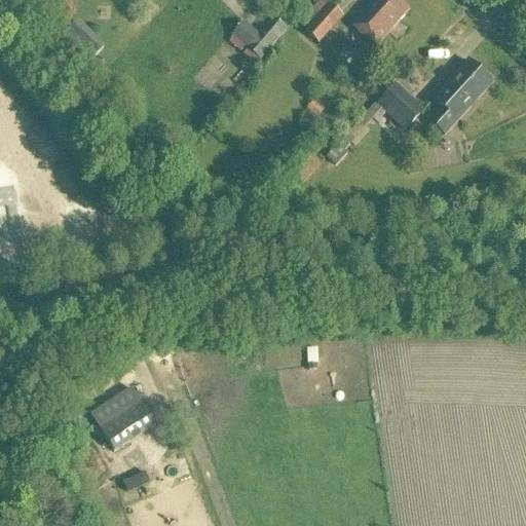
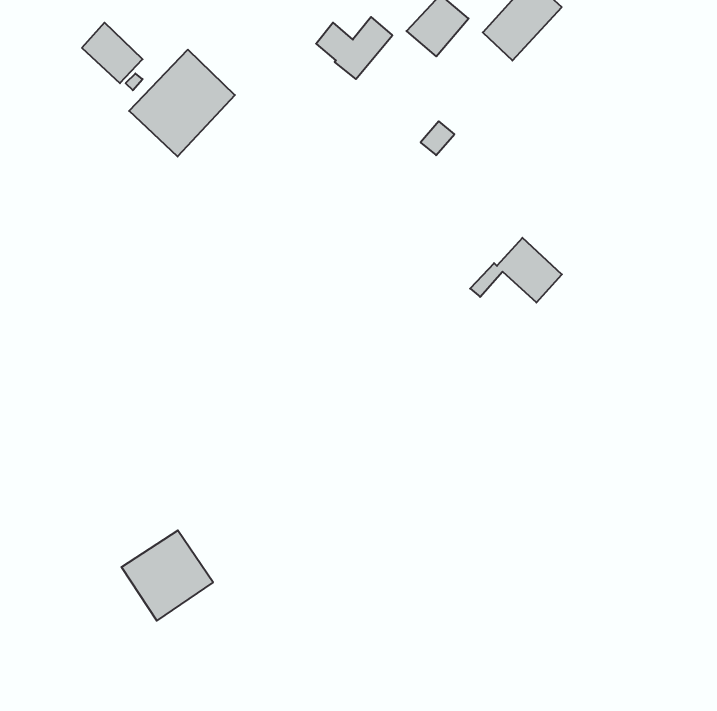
building: none -> [129,50,235,157]
building: [428,58,493,130] -> none
building: [360,80,426,127] -> [470,238,562,303]

